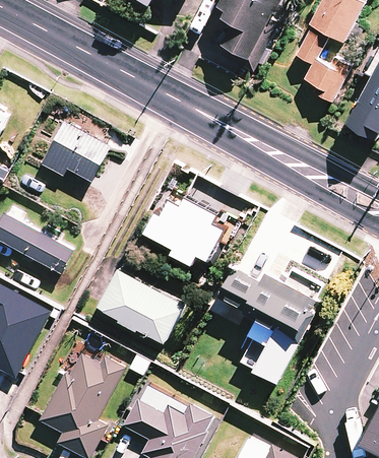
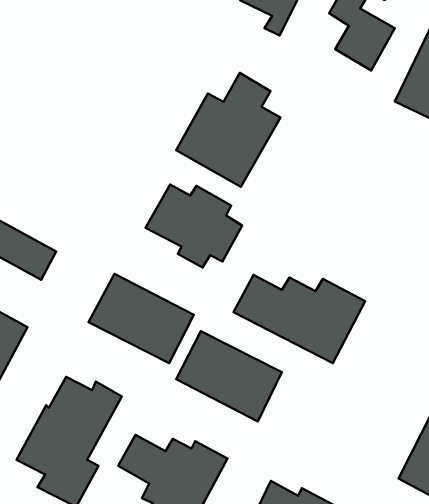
building: none -> [176,73,281,187]
building: [41,122,109,181] -> none
building: none -> [176,331,282,422]

